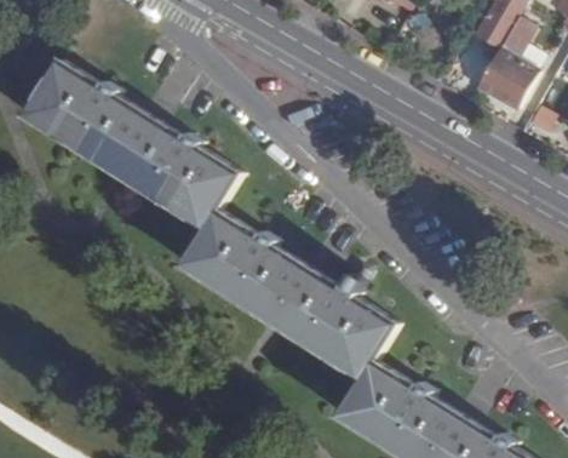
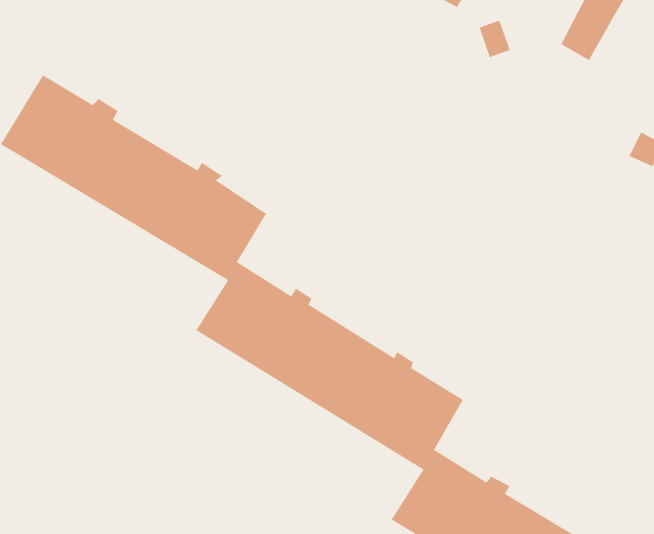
building: [475,19,533,111] -> none

